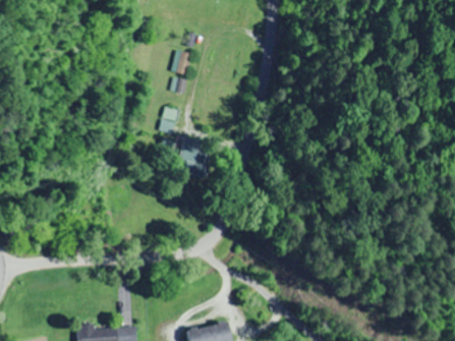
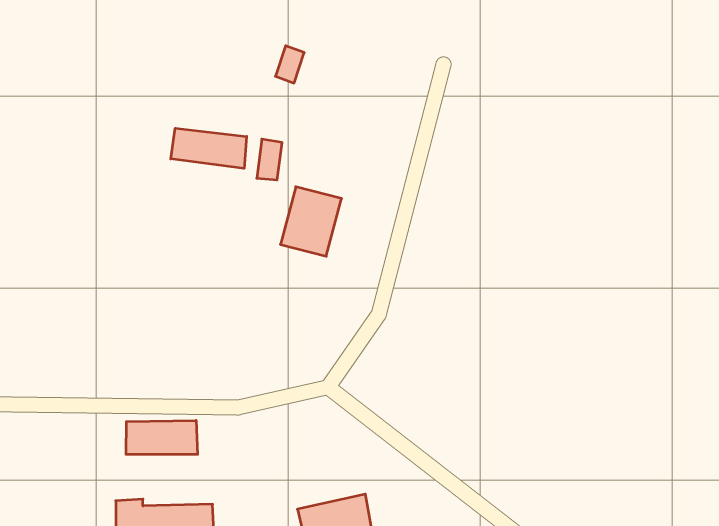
building: none -> [171,128,247,168]
building: none -> [126,420,198,454]

